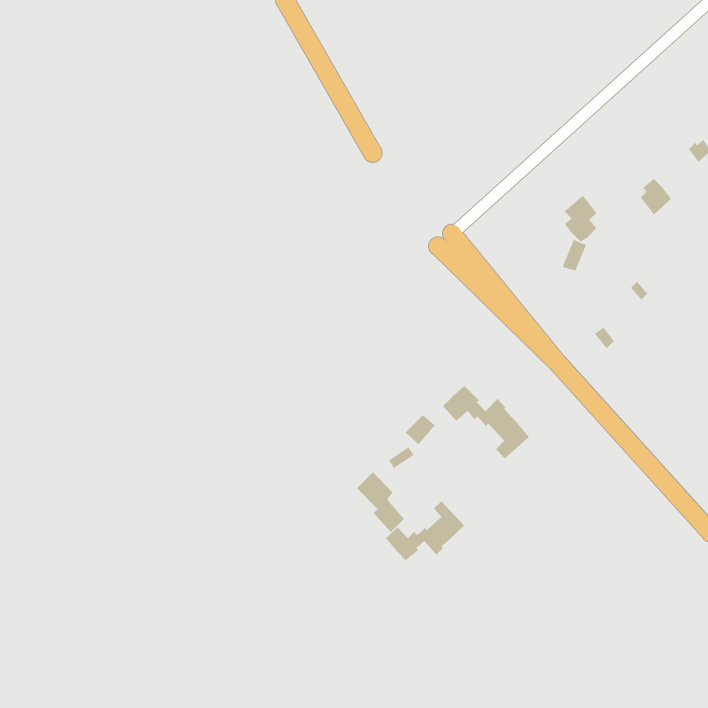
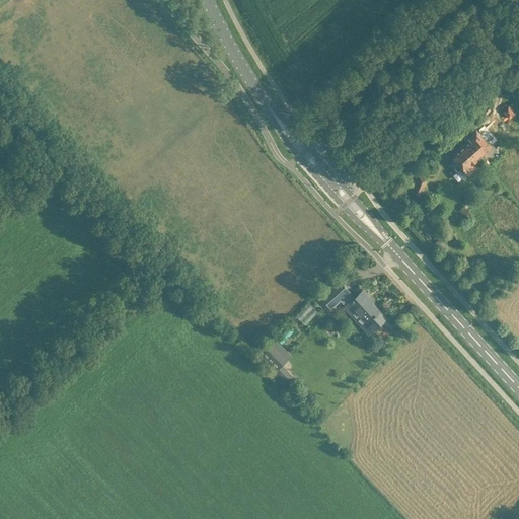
building: [564,195,597,242] -> [454,146,478,180]
building: [385,501,465,561] -> none

